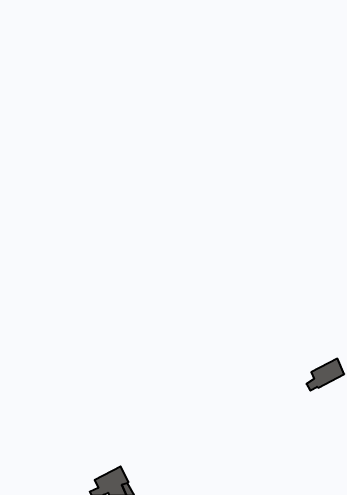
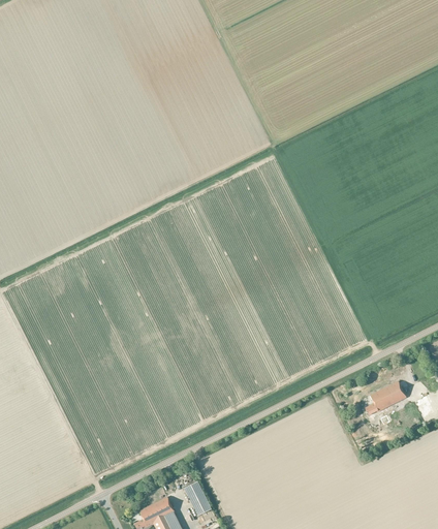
building: none -> [183,480,211,516]

